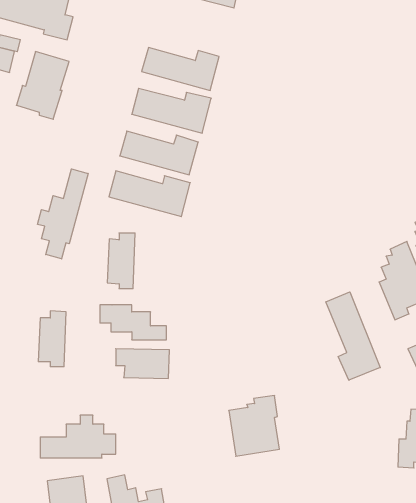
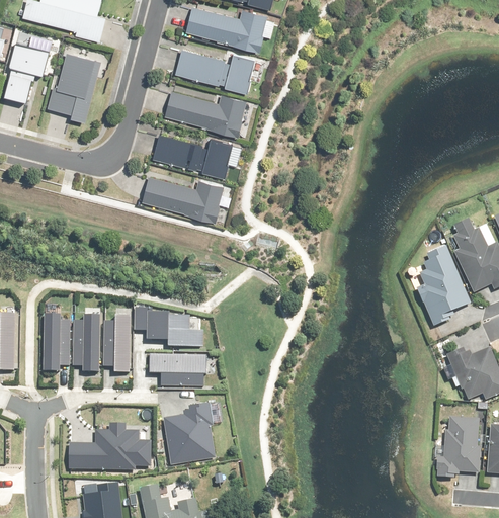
building: none -> [187,7,268,52]
building: [38,169,88,259] -> none
building: [107,233,135,289] -> [101,317,130,373]
building: [326,292,380,380] -> none
building: none -> [41,315,69,371]
building: [229,396,279,456] -> [164,404,216,465]

